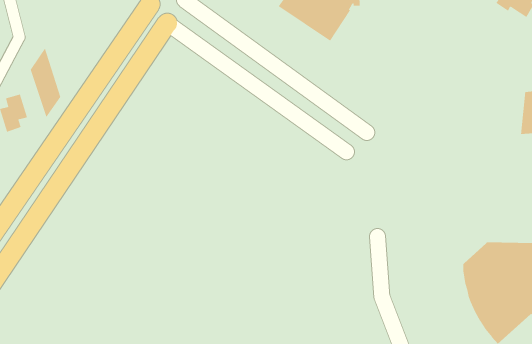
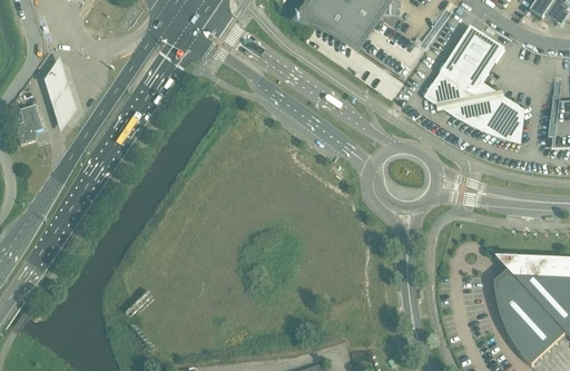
building: none -> [424,26,522,141]

